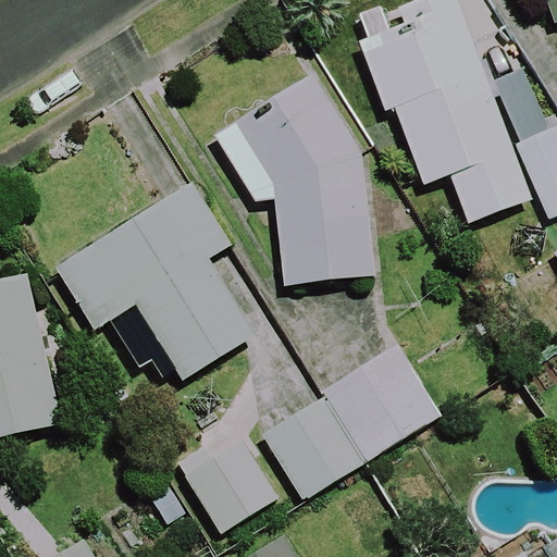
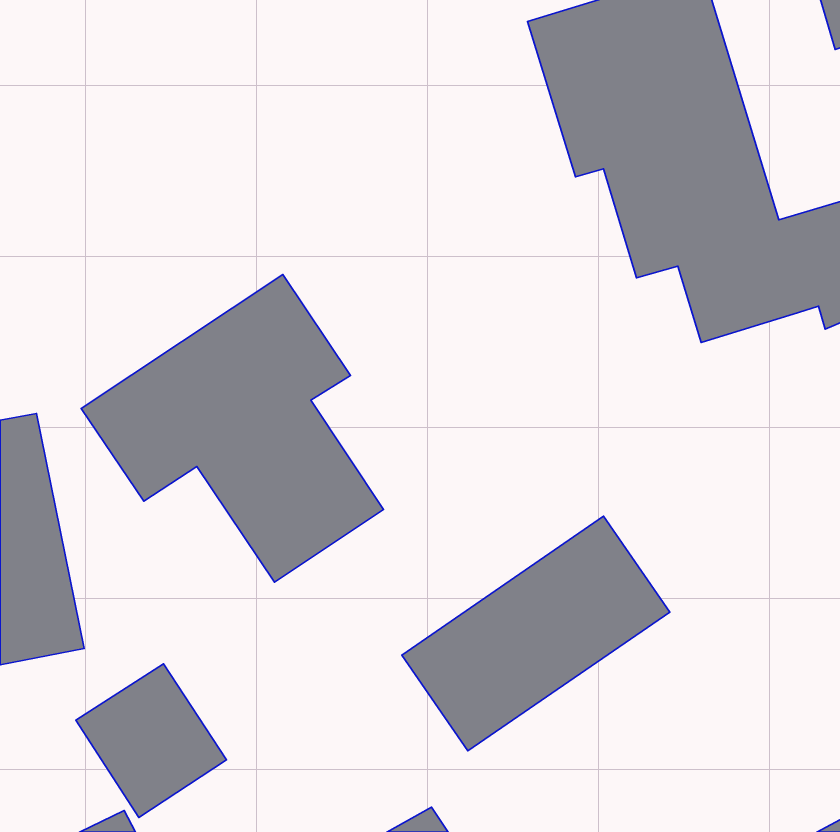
building: [212,77,376,290] -> none
building: [180,430,278,531] -> [76,664,226,818]

